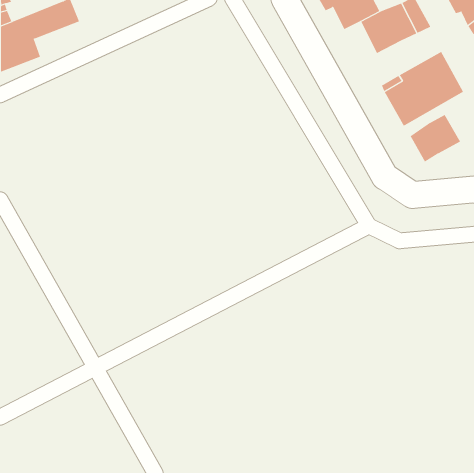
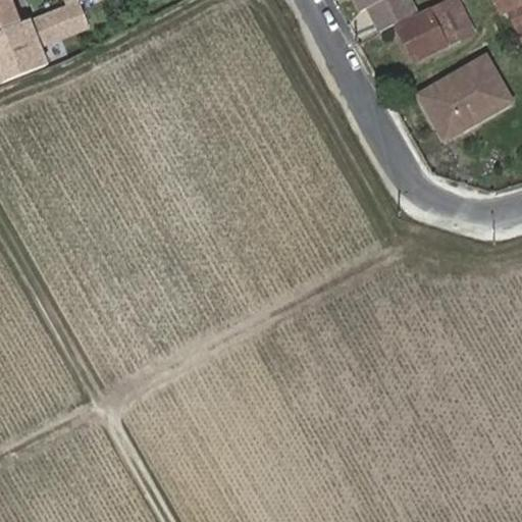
building: [410,114,461,162] -> none

